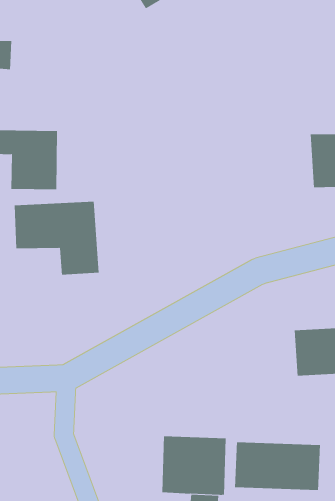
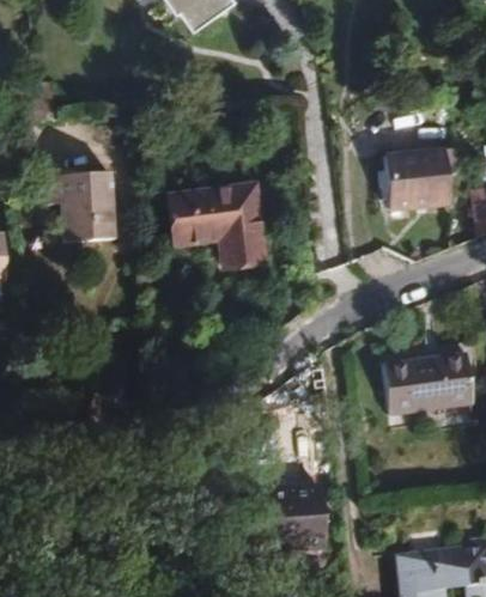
building: [14,201,99,275] -> [168,183,266,266]
building: [235,442,320,491] -> none

